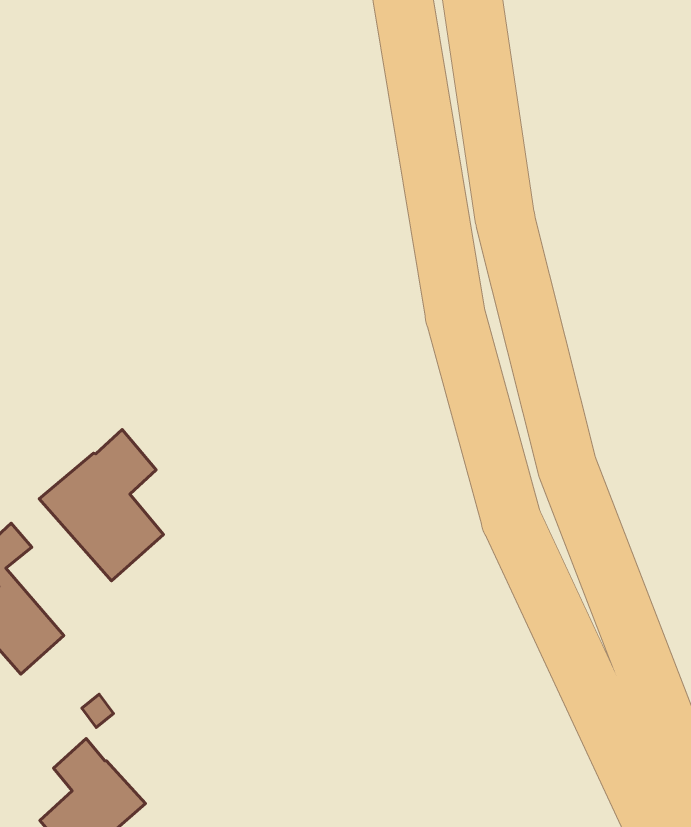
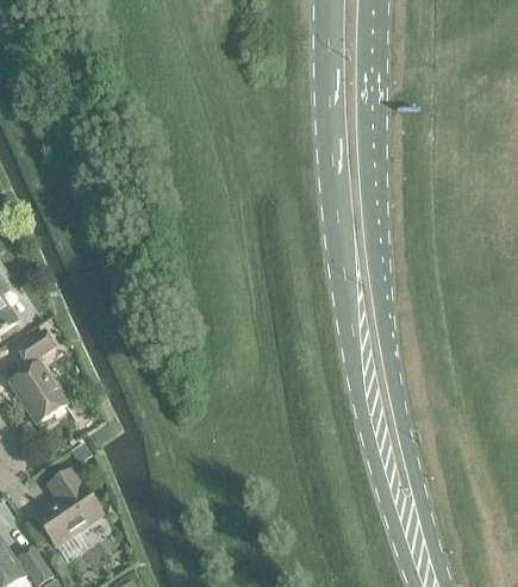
building: [39,429,164,581] -> none

